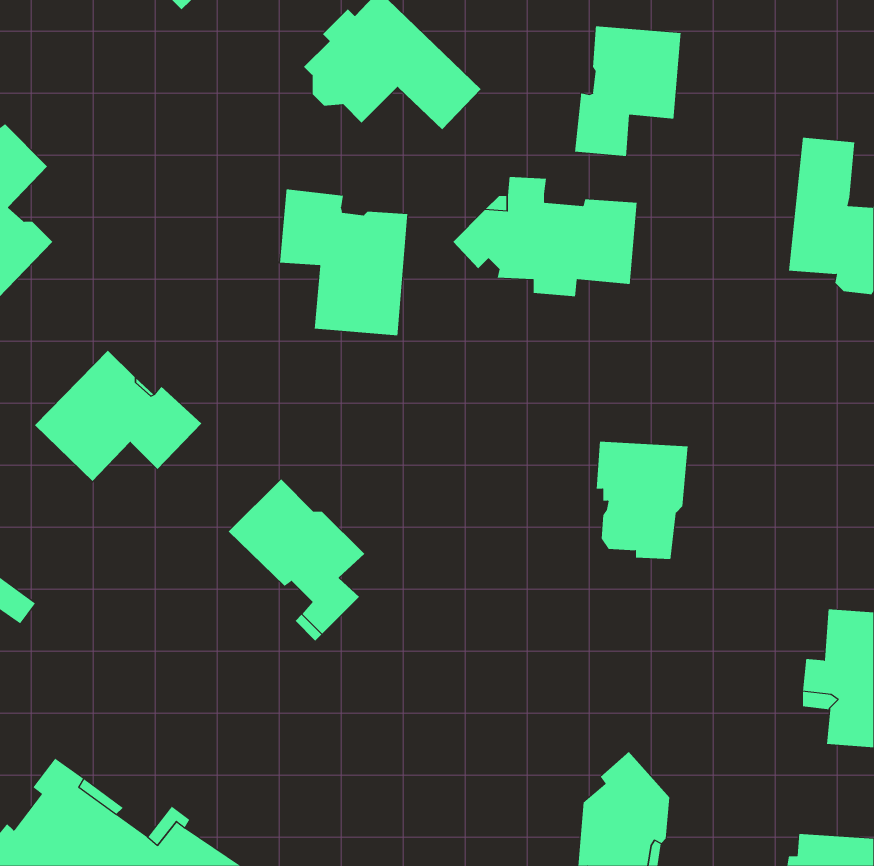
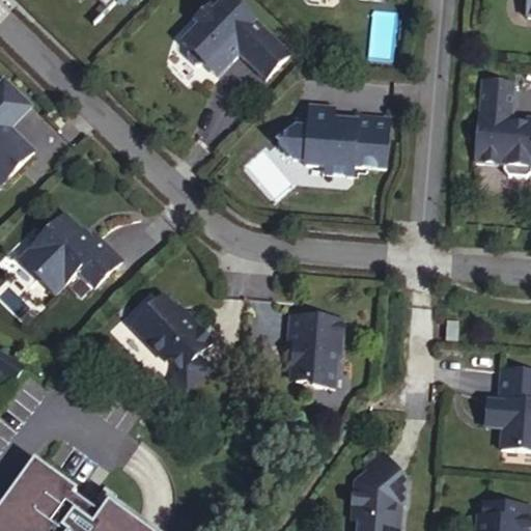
building: [574,26,681,157] -> none
building: [280,189,408,336] -> none
building: [596,441,688,559] -> [289,314,345,386]

